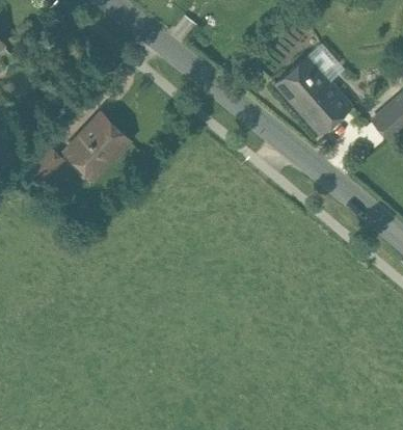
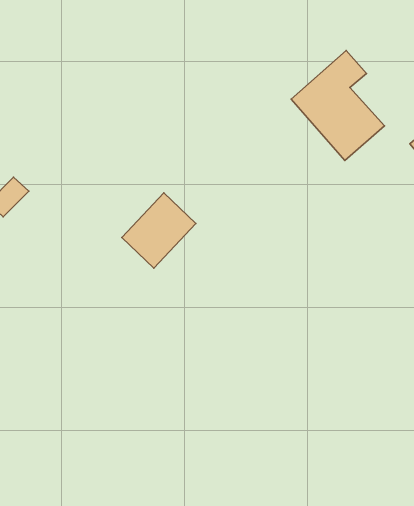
building: [66,116,127,178] -> [122,193,196,268]

